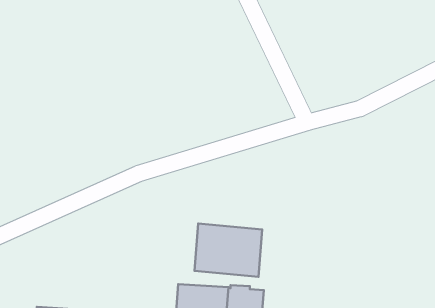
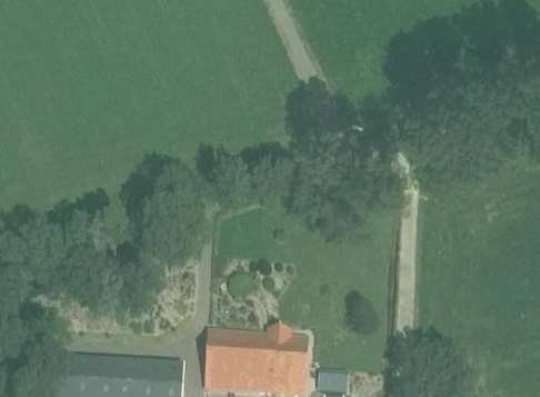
building: [194,224,262,277] -> none

